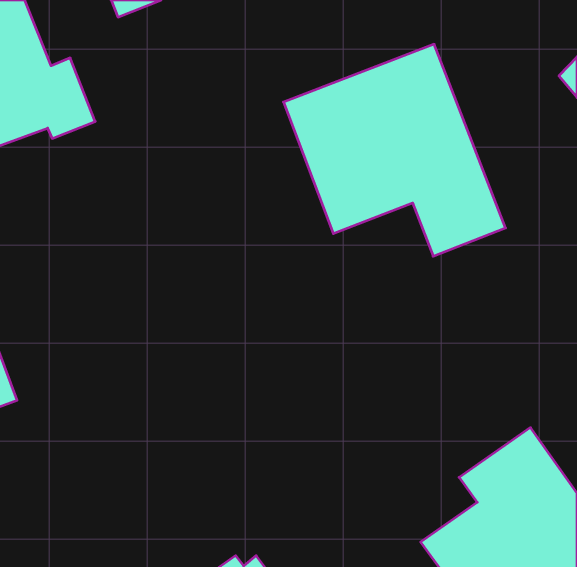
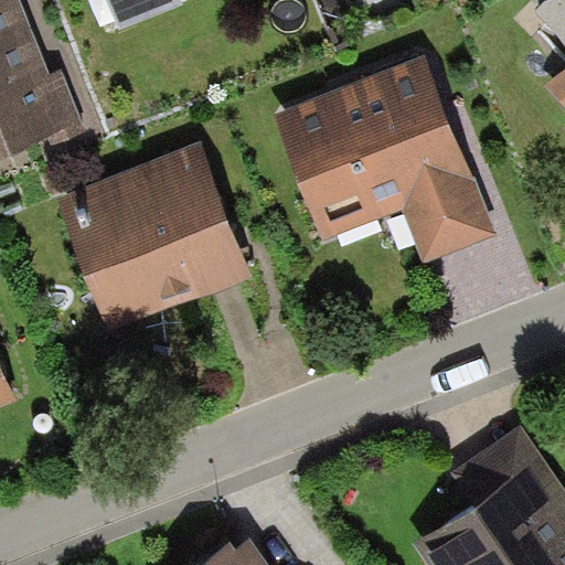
building: none -> [56,141,252,329]

